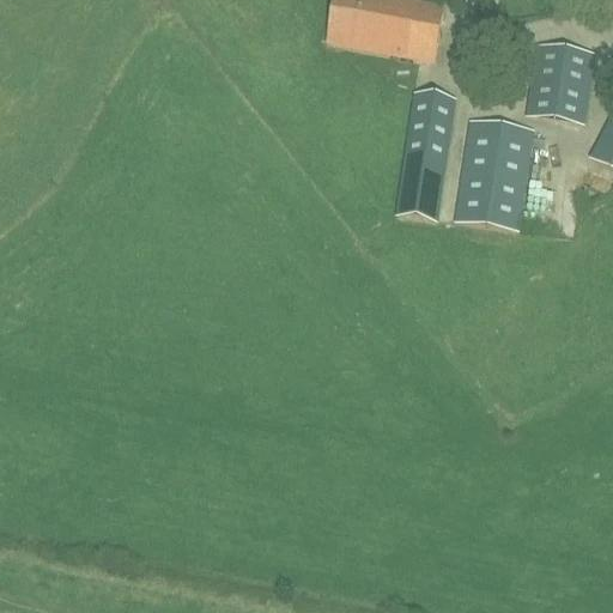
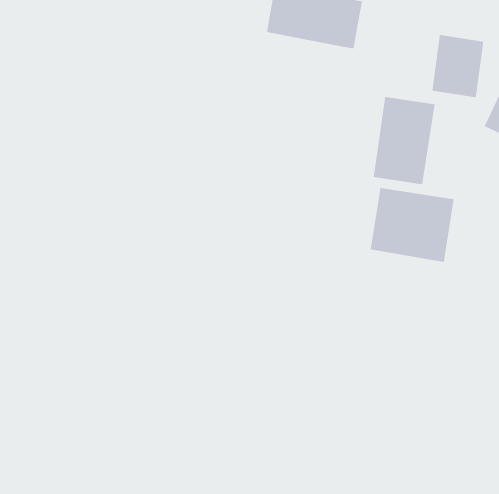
building: [397,81,457,217] -> none
building: none -> [370,187,454,263]

